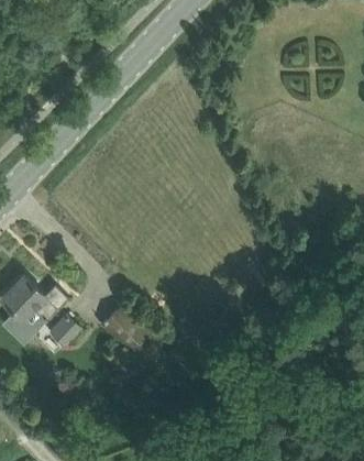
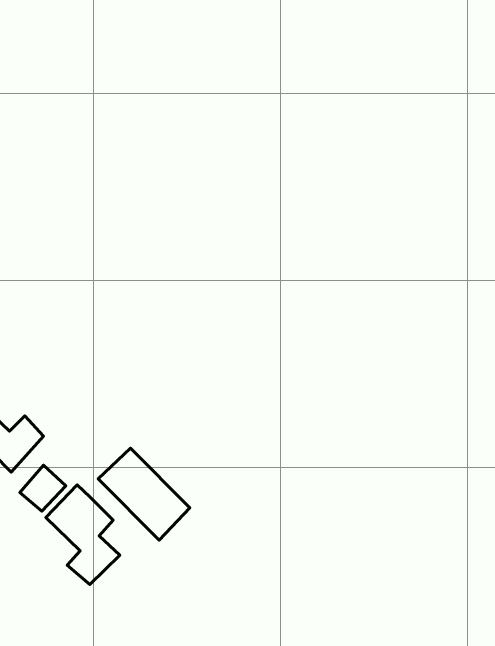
building: none -> [46,485,120,585]

